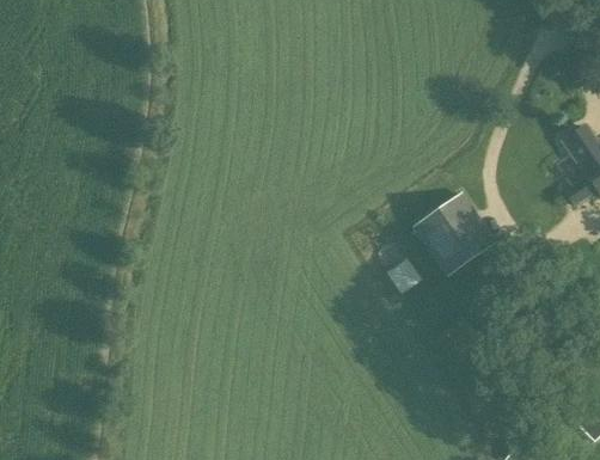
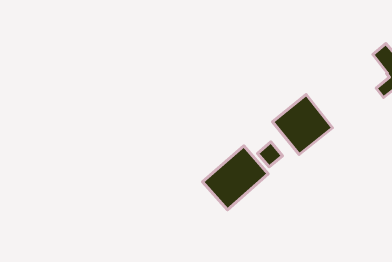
building: none -> [203,146,268,210]

